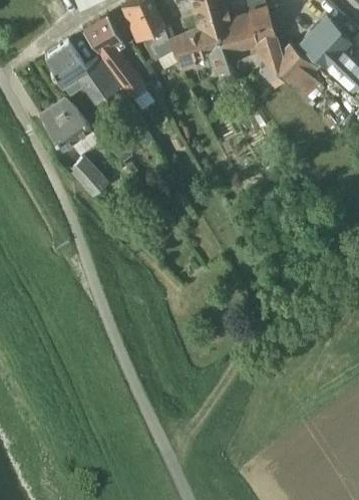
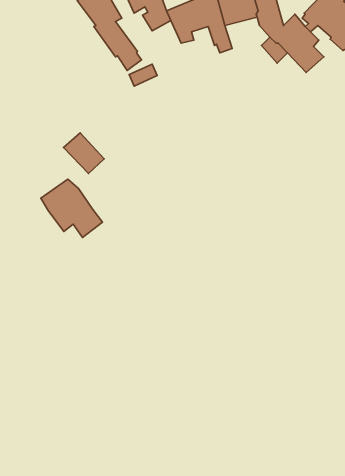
building: [40,40,120,104] -> none
building: [40,98,99,155] -> [41,179,102,238]

